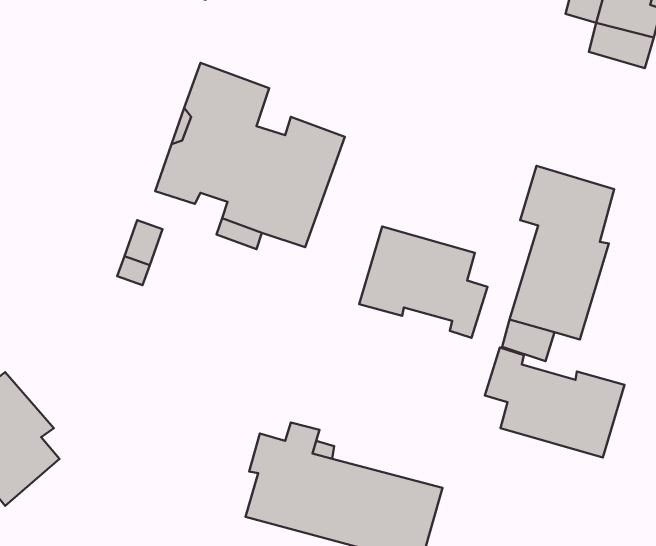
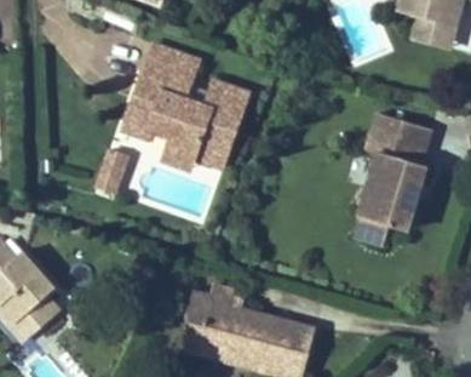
building: [359,227,488,338] -> none
building: [485,348,624,457] -> none

